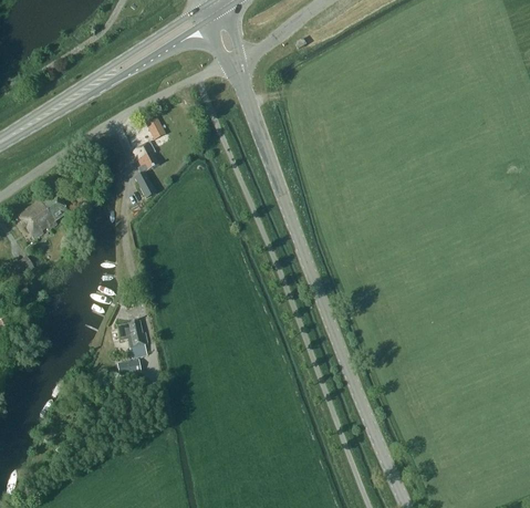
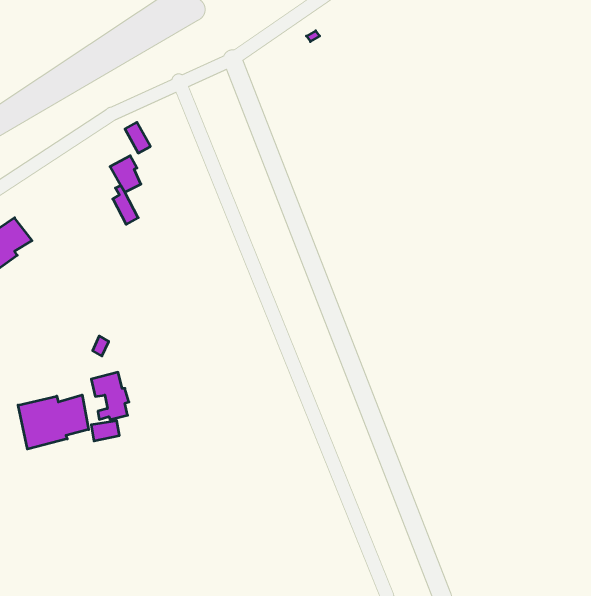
building: none -> [18,395,89,449]

